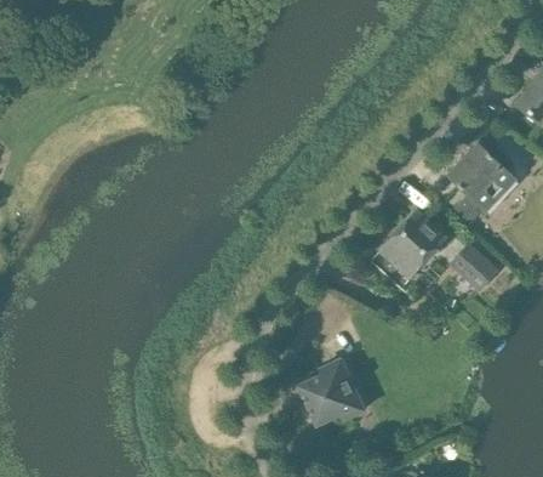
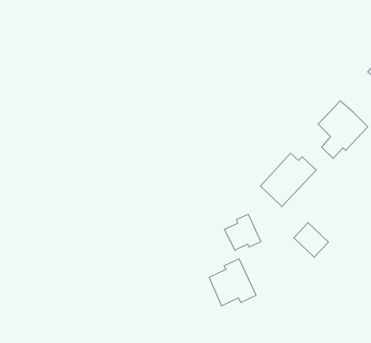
building: [450,243,497,290] -> [294,223,328,257]
building: none -> [225,214,261,250]

